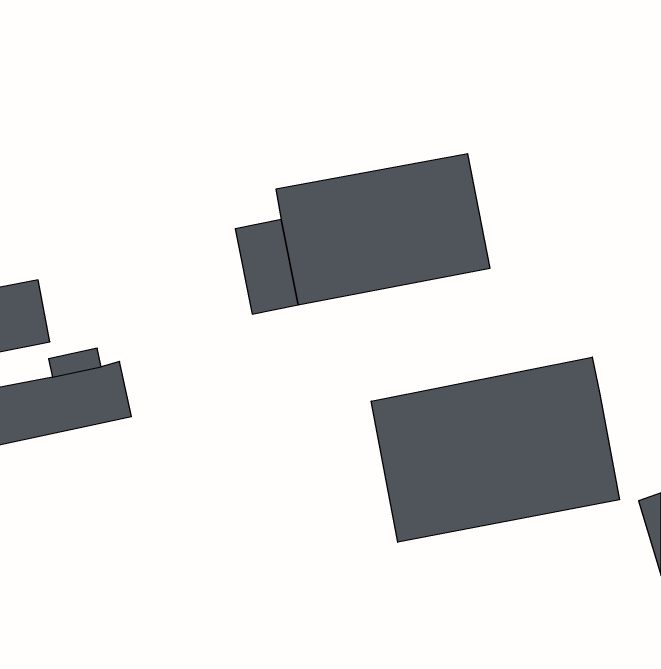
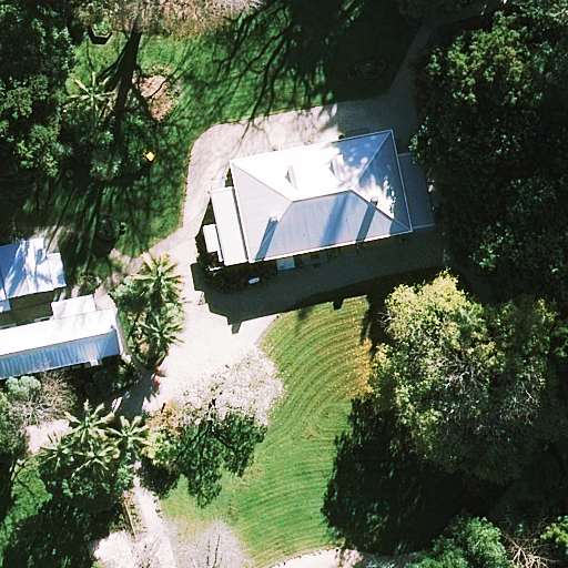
building: [371,357,619,542] -> none

